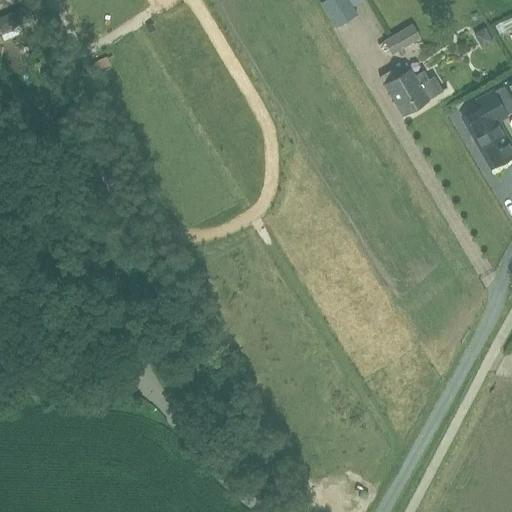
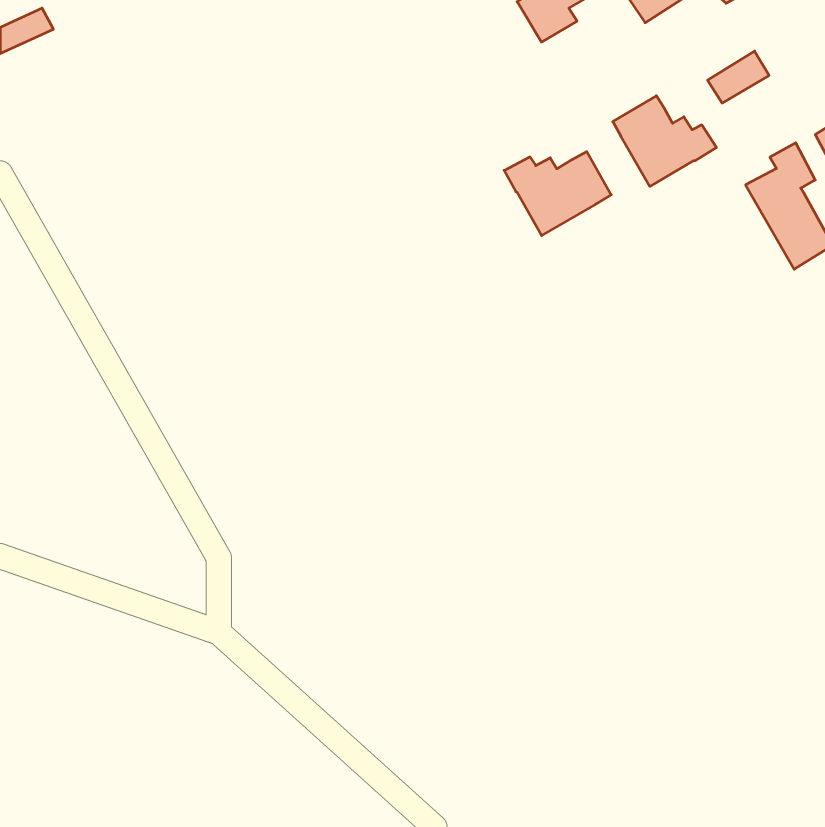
building: [384,21,422,53] -> [708,51,769,103]
building: none -> [504,152,611,236]

